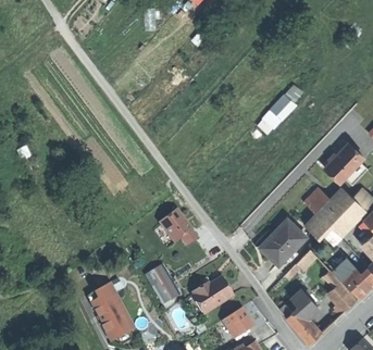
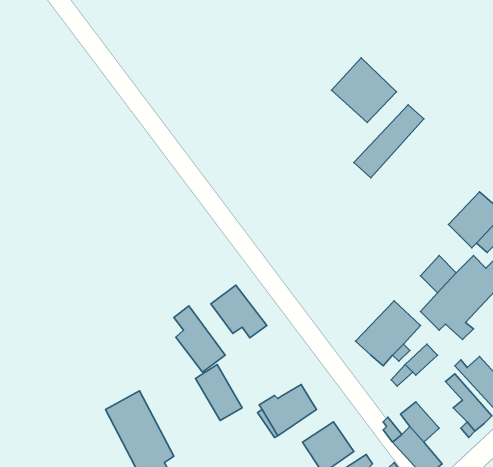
building: none -> [332,58,396,123]
building: none -> [174,306,225,372]

